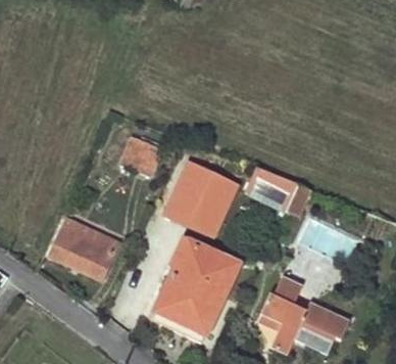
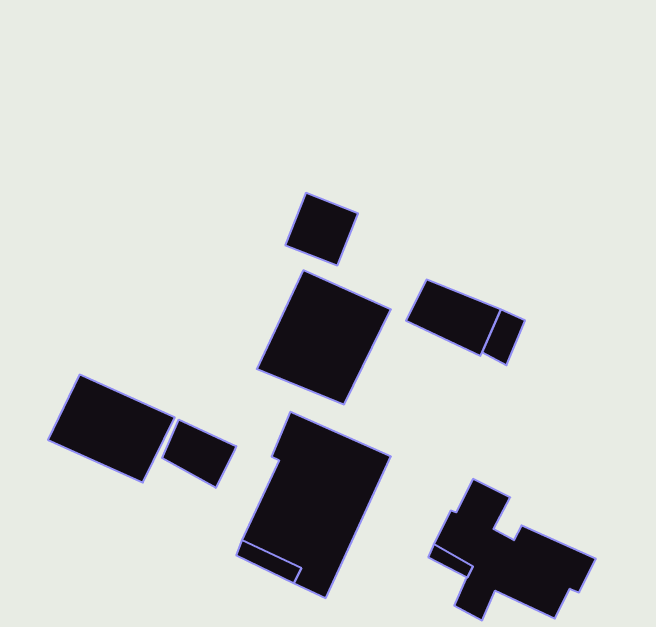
building: [121,136,161,176] -> [285,193,358,265]
building: none -> [162,420,236,488]

